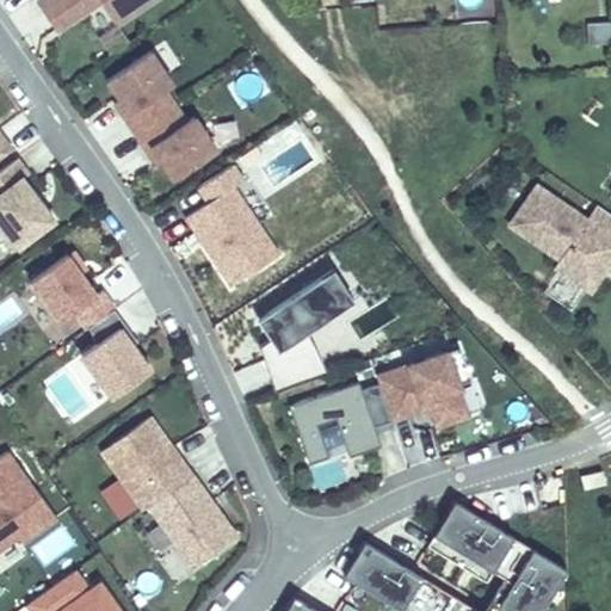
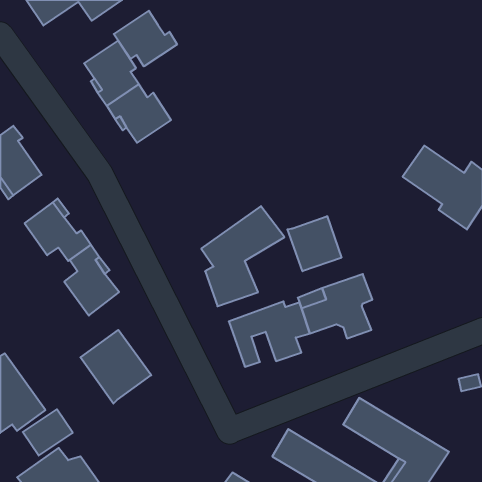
building: none -> [114,11,177,66]
building: [180,160,282,288] -> none
building: none -> [287,216,341,271]
building: [149,475,237,569] -> none

